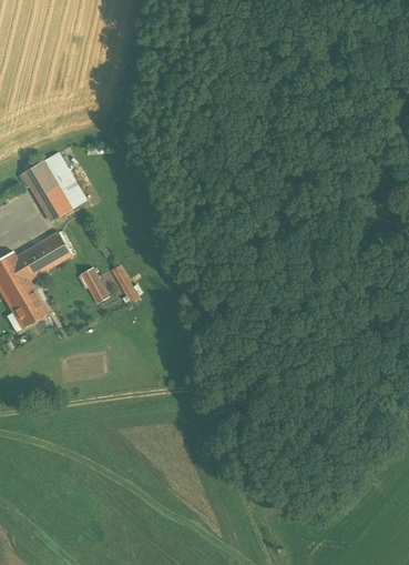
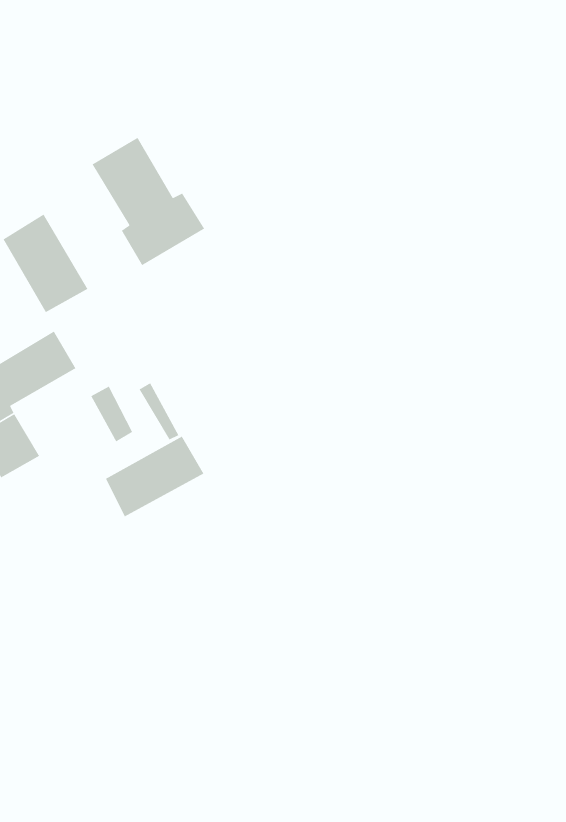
building: none -> [92,137,205,266]
building: none -> [105,436,205,518]

